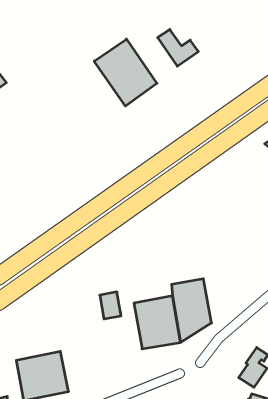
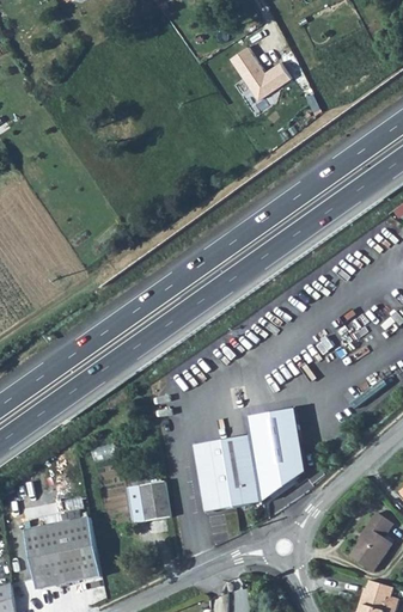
building: [94,39,157,106] -> none
building: [100,292,121,319] -> [139,481,170,520]

